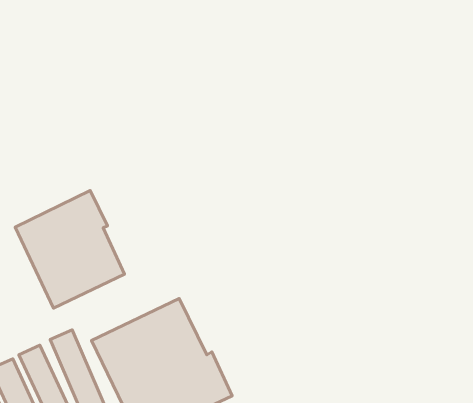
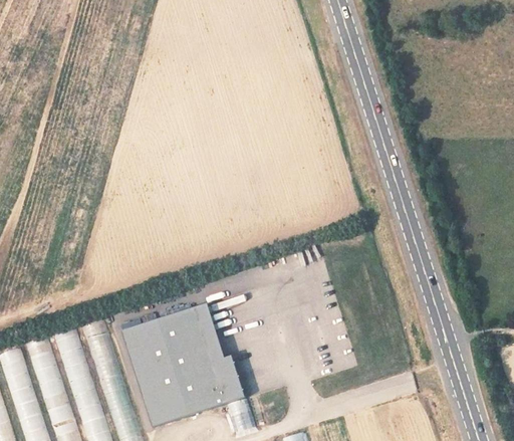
building: [15,191,125,308] -> none

